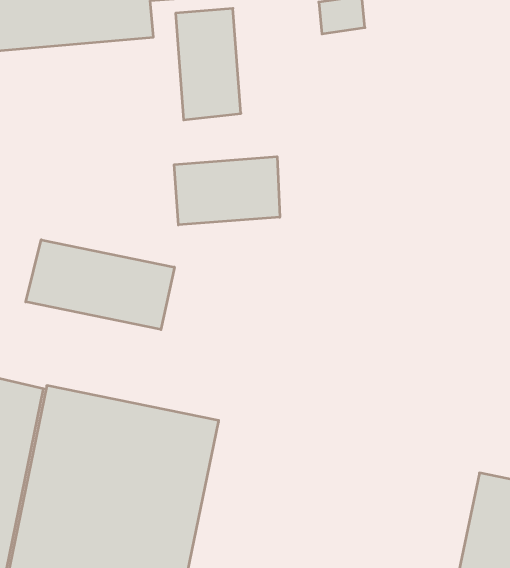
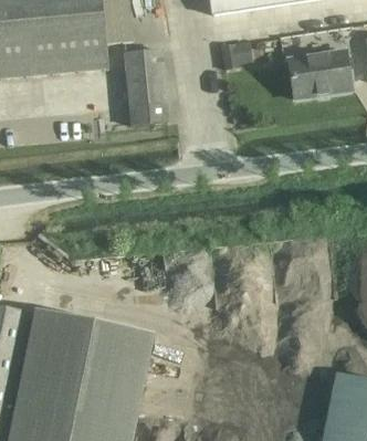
building: none -> [289,49,352,97]
building: [174,157,280,225] -> none
building: [26,240,174,330] -> none

